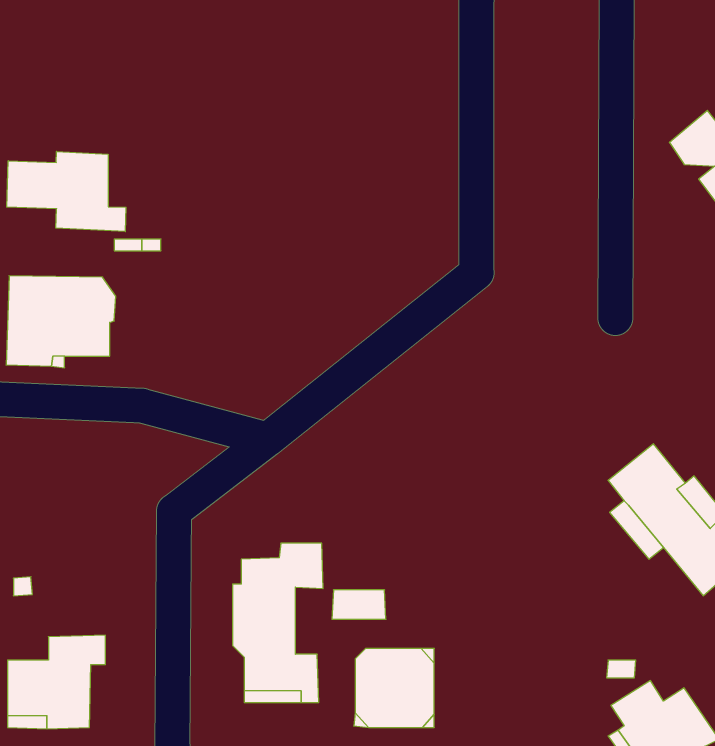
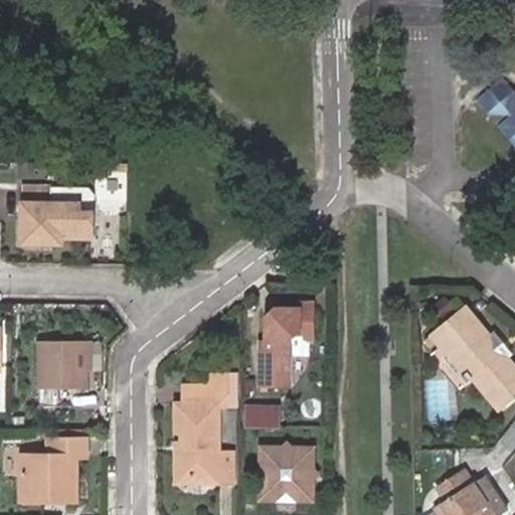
building: [7,151,126,232] -> none
building: none -> [261,303,314,388]
building: none -> [39,341,88,403]

